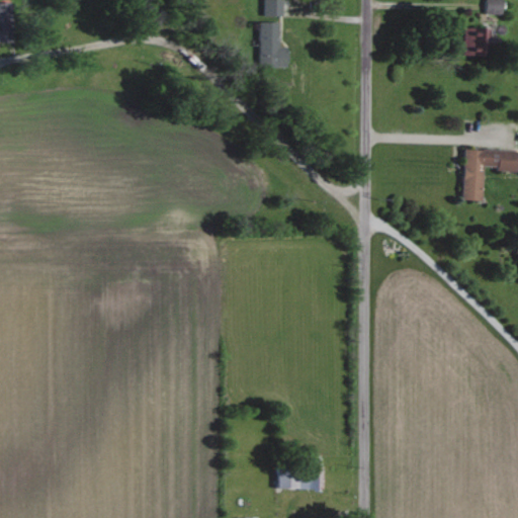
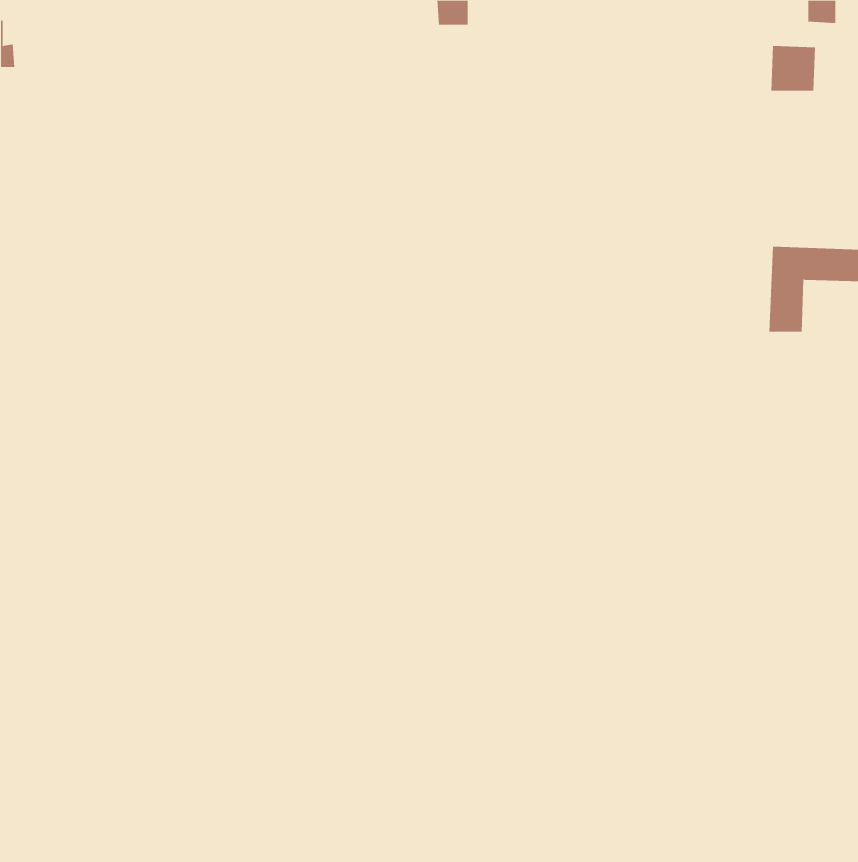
building: [259,21,289,67] -> none
building: [279,471,318,489] -> none

